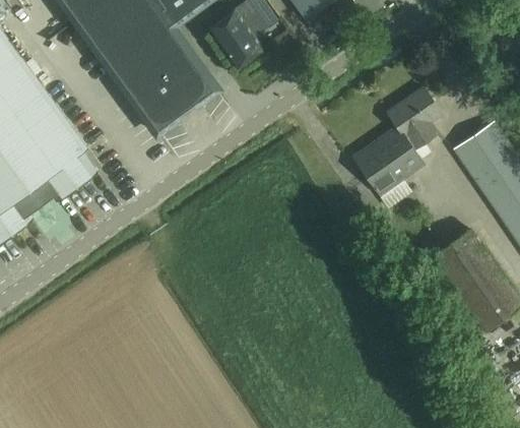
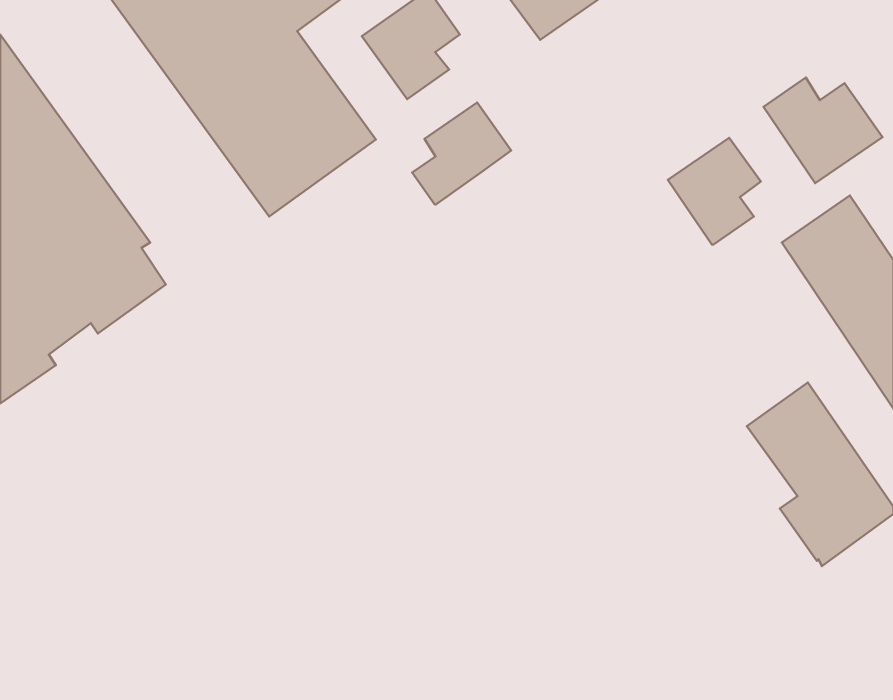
building: none -> [764,78,882,183]
building: none -> [412,102,511,205]
building: [354,126,424,193] -> none

